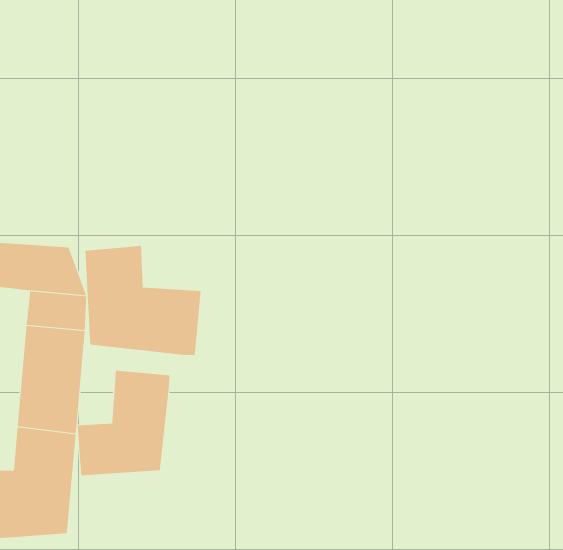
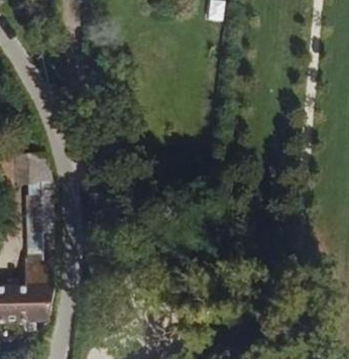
building: [85,245,201,356] -> none
building: [77,370,170,476] -> none

